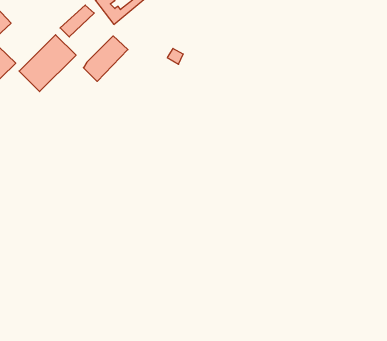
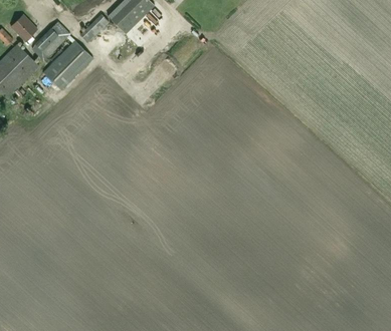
building: [83,36,128,81] -> [31,21,70,61]

